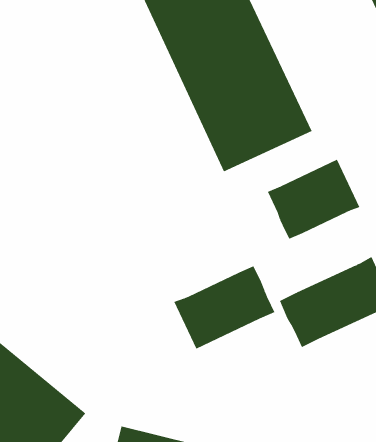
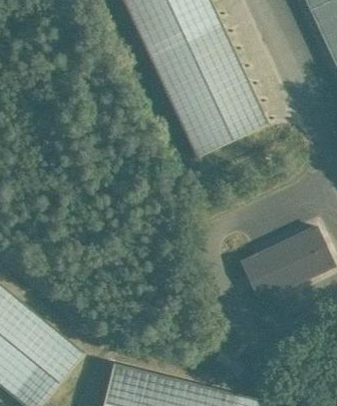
building: [267,159,360,239] -> none
building: [174,266,275,350] -> none

